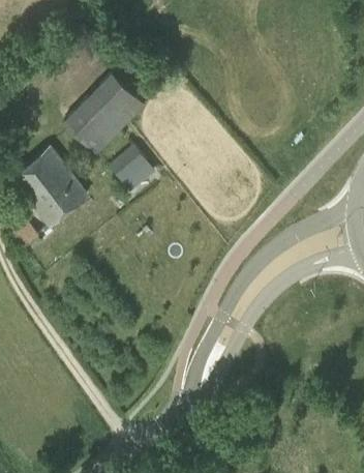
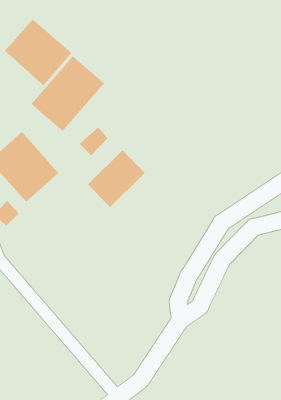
building: none -> [4,19,72,86]
building: none -> [87,149,146,208]

